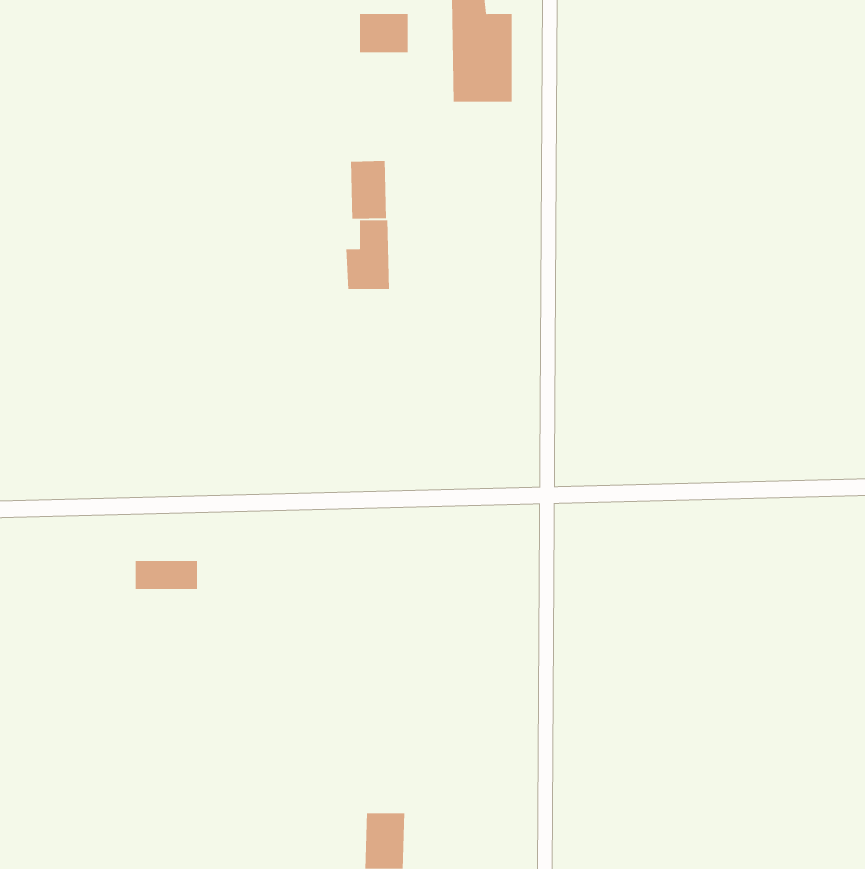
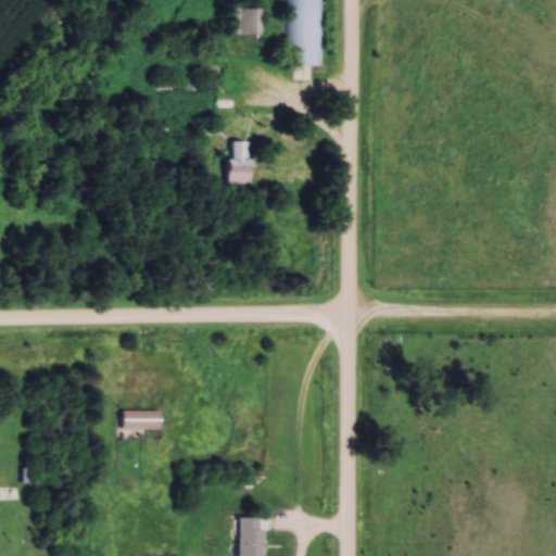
building: [350,160,387,220] -> none
building: [135,561,198,590] -> [122,410,162,429]

